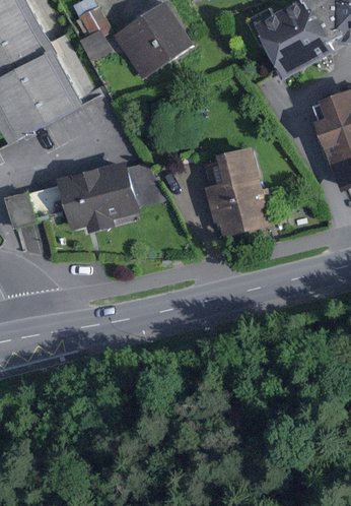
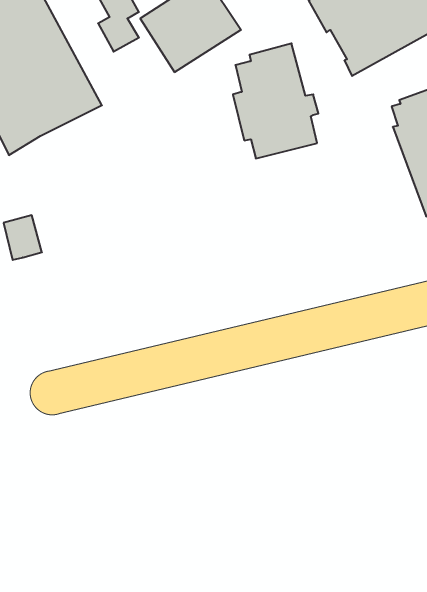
building: [204,146,272,238] -> [233,43,318,158]
building: [57,161,164,233] -> none

